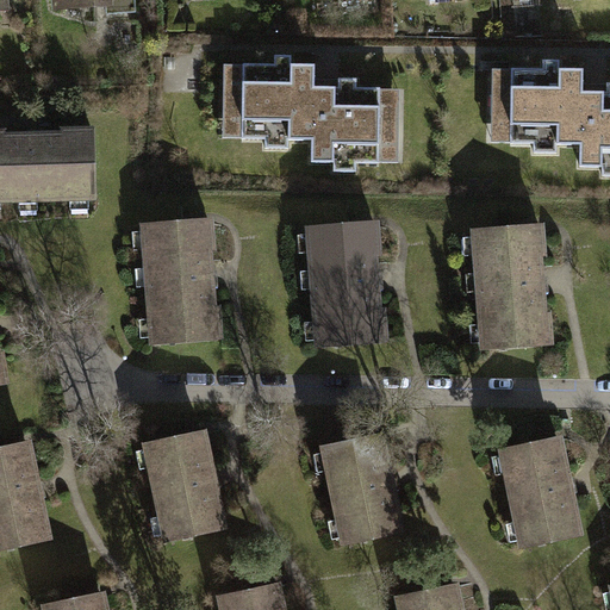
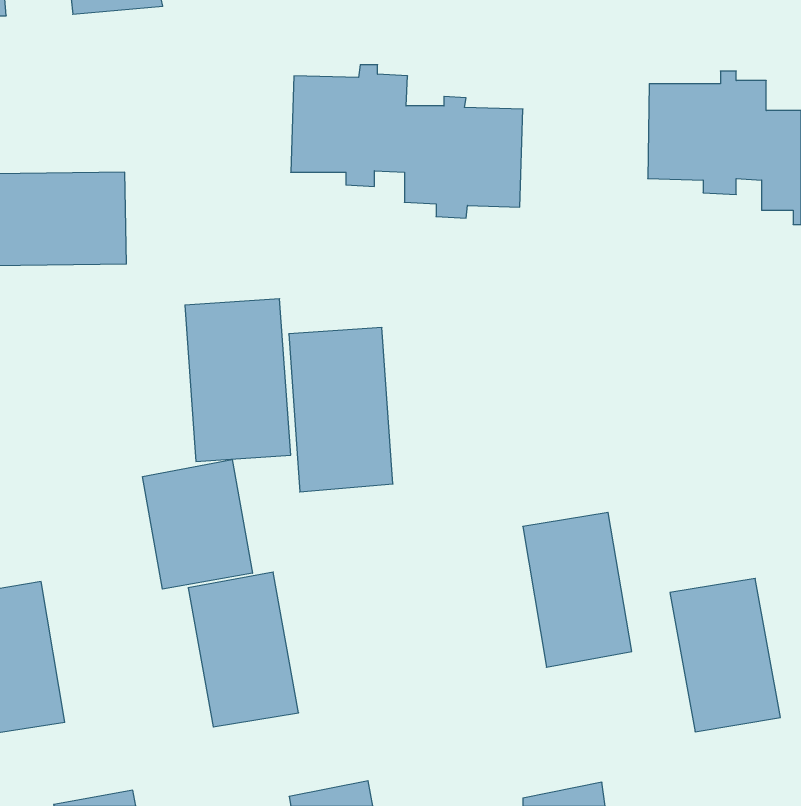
building: [469,220,549,344] -> none
building: [306,223,385,347] -> [289,328,393,492]
building: none -> [143,460,252,589]
building: [322,437,404,554] -> [523,512,632,667]

